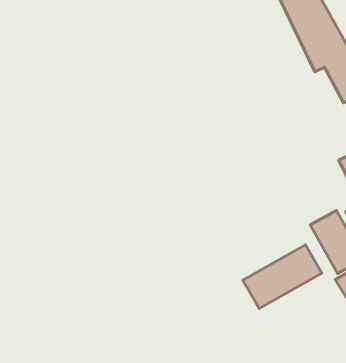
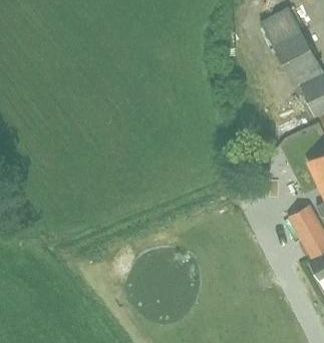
building: [243,245,322,308] -> none

